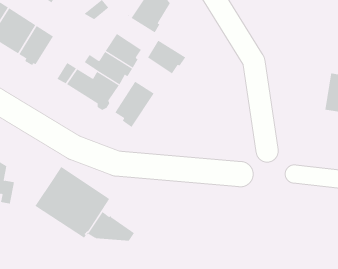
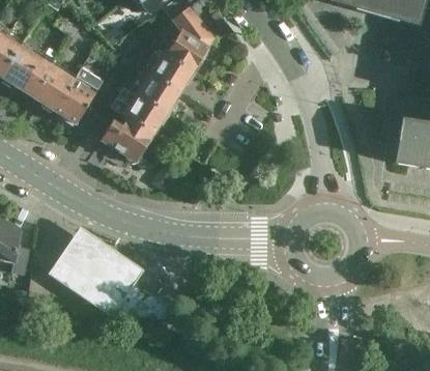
building: none -> [53,66,101,123]
building: [147,40,186,74] -> [147,51,193,91]
building: [115,81,154,128] -> none

